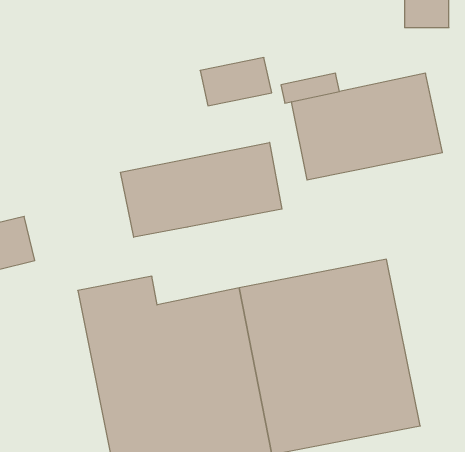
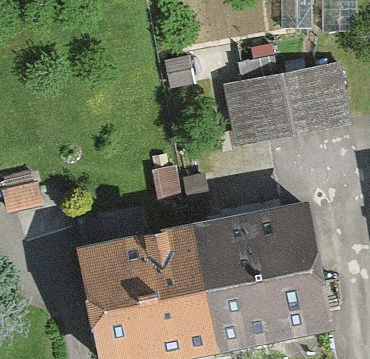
building: [121,142,282,237] -> none

